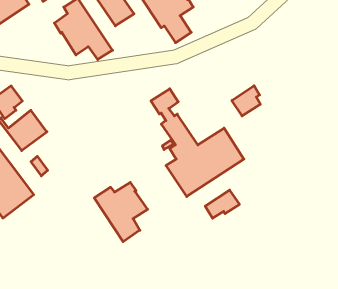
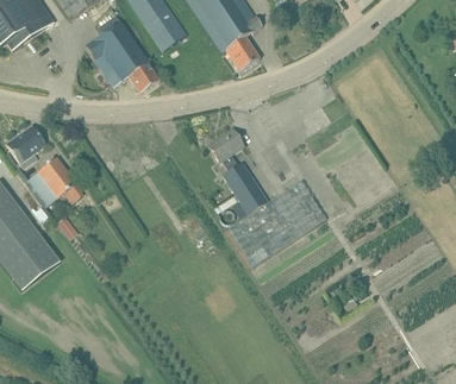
building: [232,86,260,116] -> none
building: [94,182,148,242] -> none
building: [205,190,239,218] -> none

